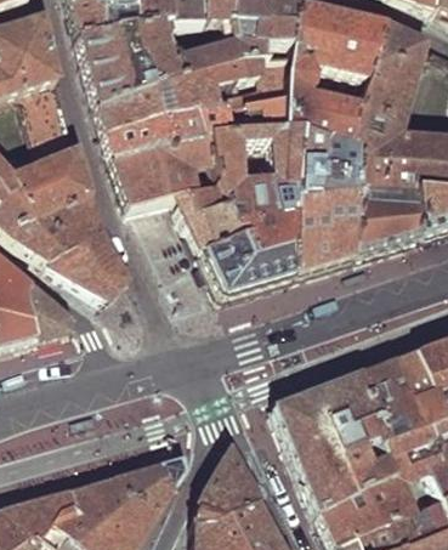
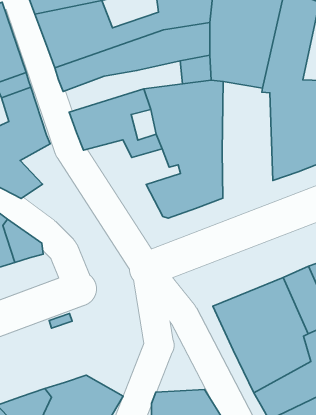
building: [107,109,205,155] -> none
building: [294,129,358,271] -> none
building: [49,193,126,291] -> none
building: [186,206,244,249] -> none
building: [199,450,259,503] -> none
building: [115,459,185,505] -> none

